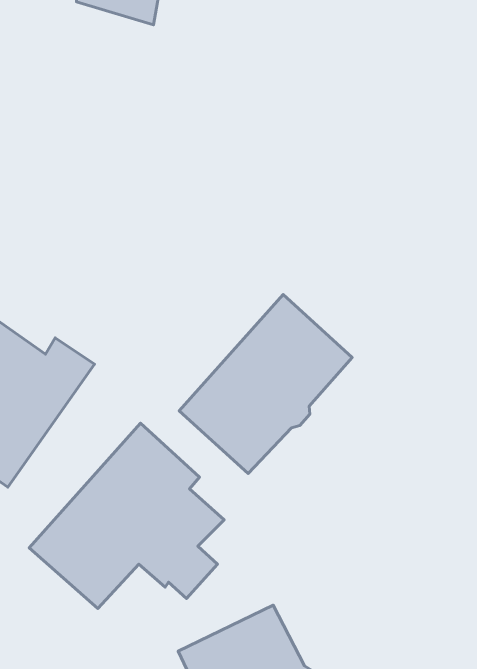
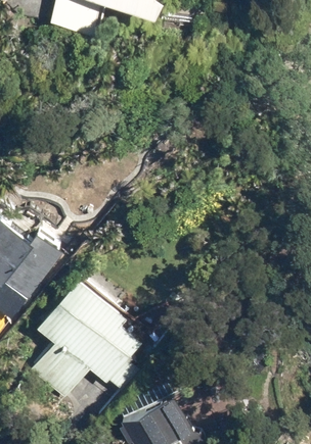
building: [179,295,352,474] -> none

